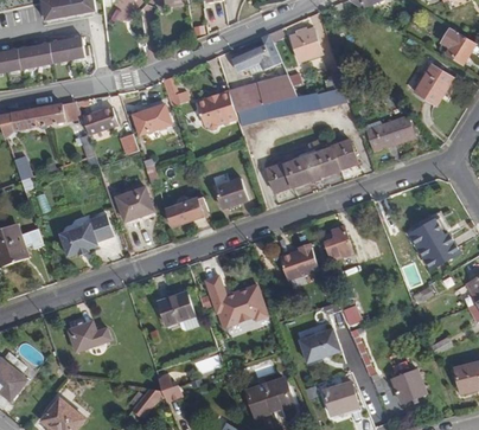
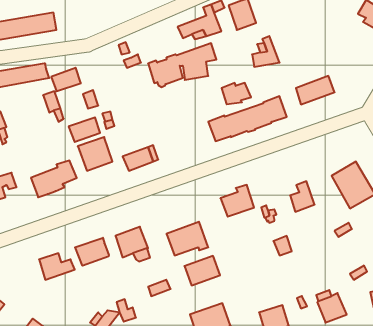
building: [413,65,451,107] -> none
building: [269,71,304,96] -> [222,83,251,104]
building: [132,100,168,128] -> [69,117,100,142]
building: [212,178,248,212] -> none
building: [325,224,353,259] -> [290,181,315,212]
building: none -> [75,238,109,266]
building: [299,328,340,362] -> [184,256,220,285]

